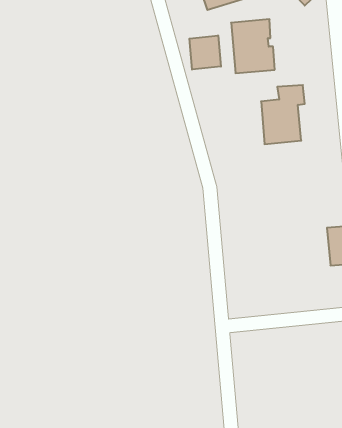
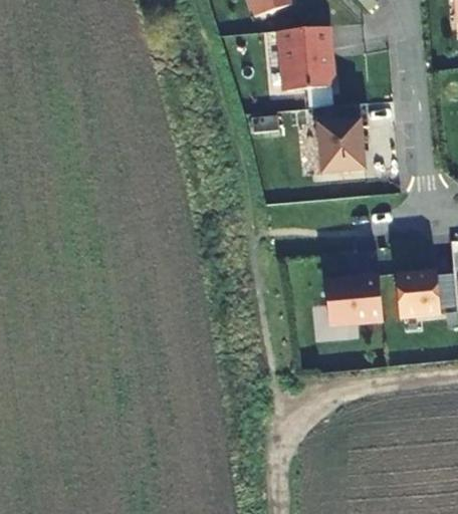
building: [189,35,221,70] -> none
building: none -> [324,274,383,325]

